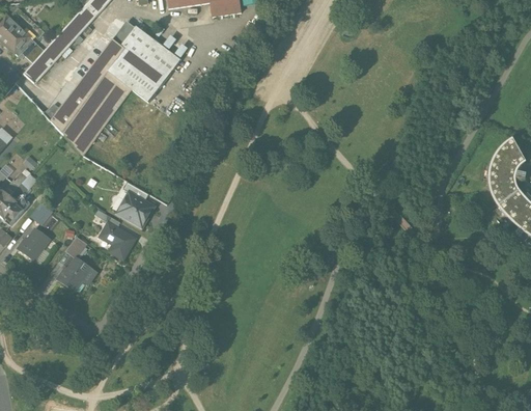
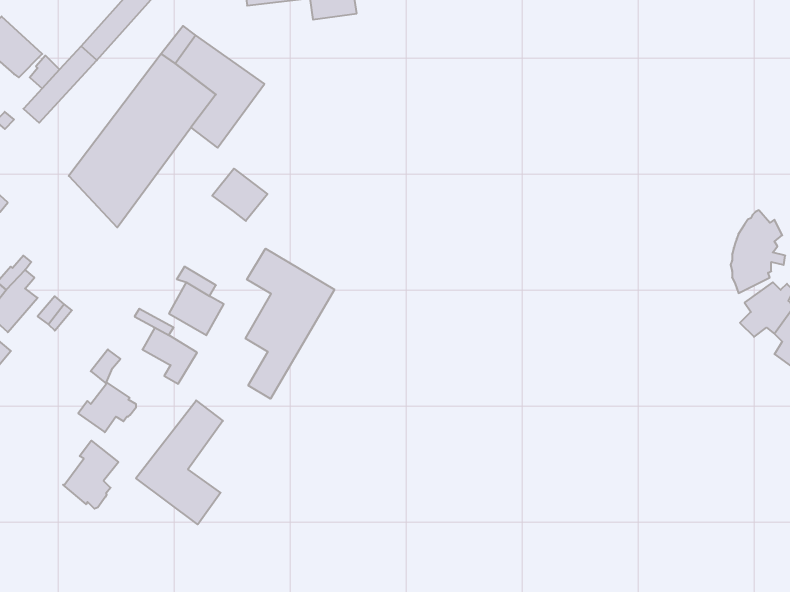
building: none -> [212,169,267,221]
building: none -> [246,249,334,399]
building: [17,227,50,261] -> none
building: none -> [136,400,223,524]
building: none -> [63,441,118,509]

